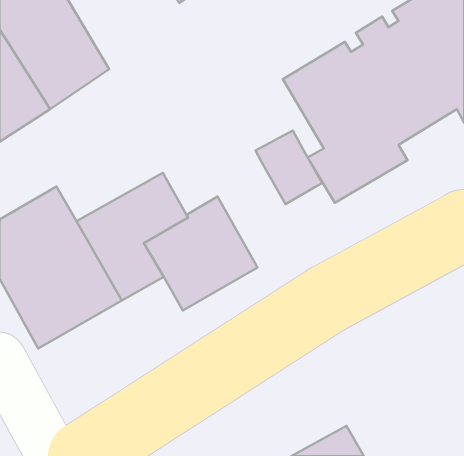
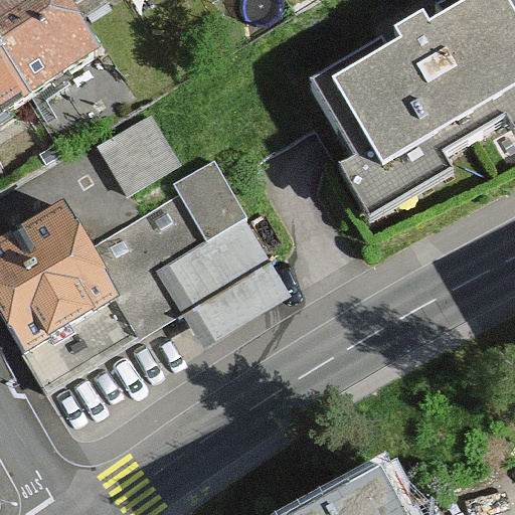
building: none -> [98,110,180,190]
building: [256,131,322,204] -> [173,156,246,237]

